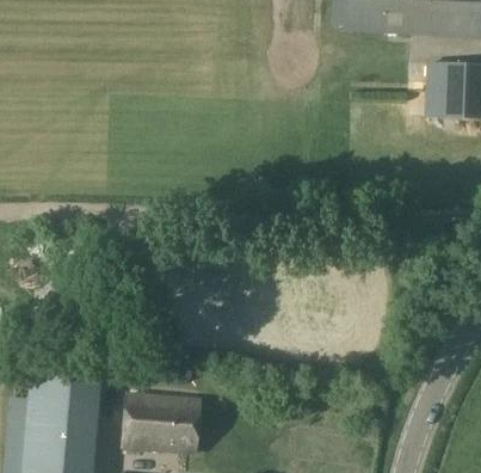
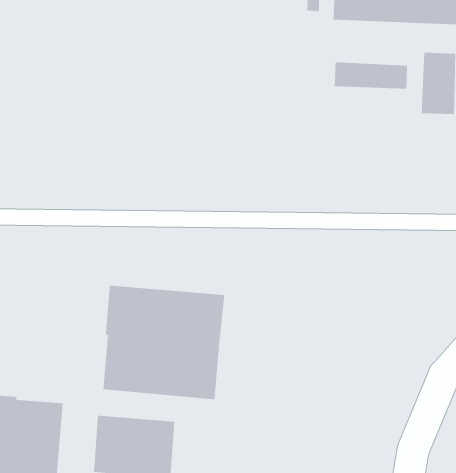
building: none -> [334,62,408,90]
building: none -> [103,285,225,400]

